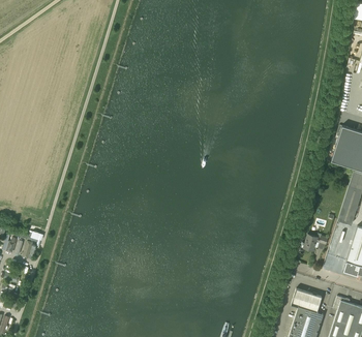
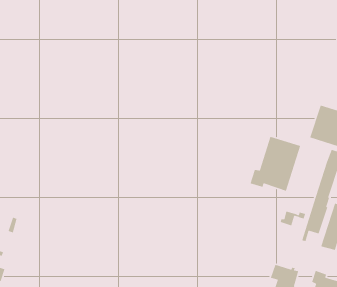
building: none -> [250,136,301,192]

